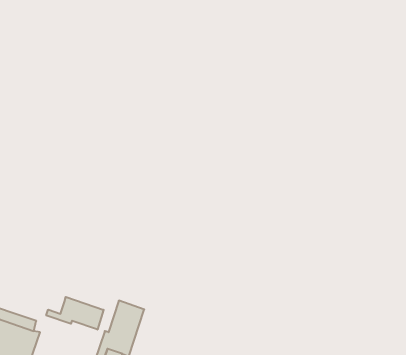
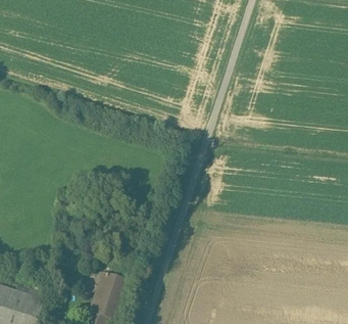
building: [46,297,104,330] -> none

